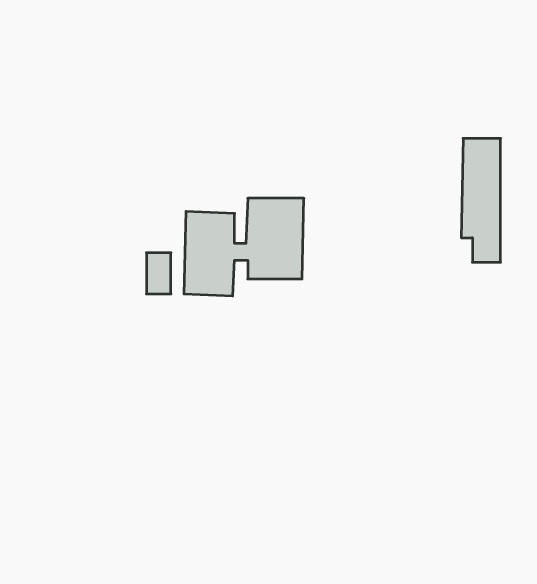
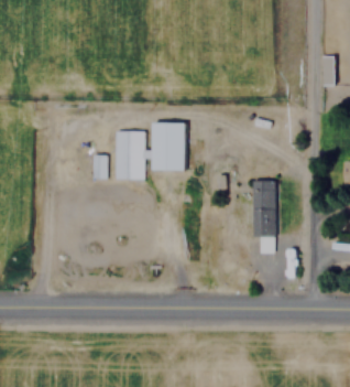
building: [461,138,501,262] -> [252,181,275,254]

